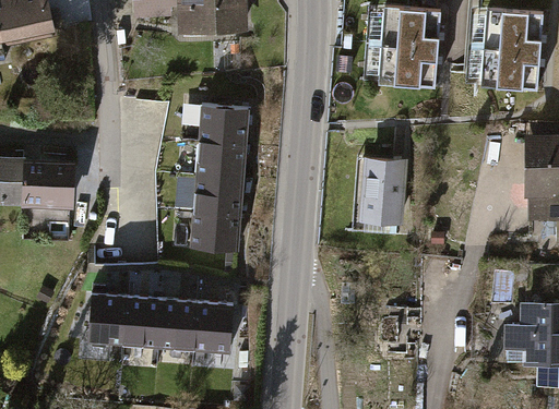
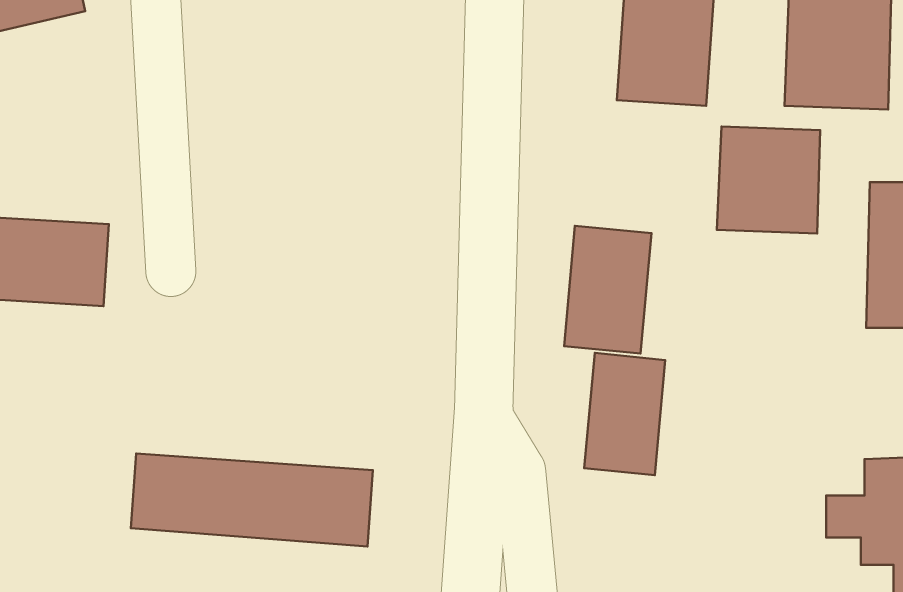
building: none -> [717,127,820,233]
building: [191,107,248,252] -> none
building: none -> [584,353,665,475]

